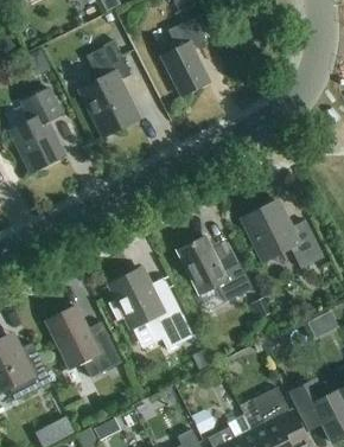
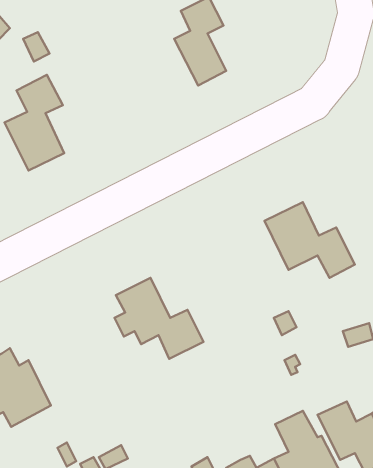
building: [79,41,138,136] -> none
building: [177,236,253,301] -> none
building: [45,306,121,377] -> none

